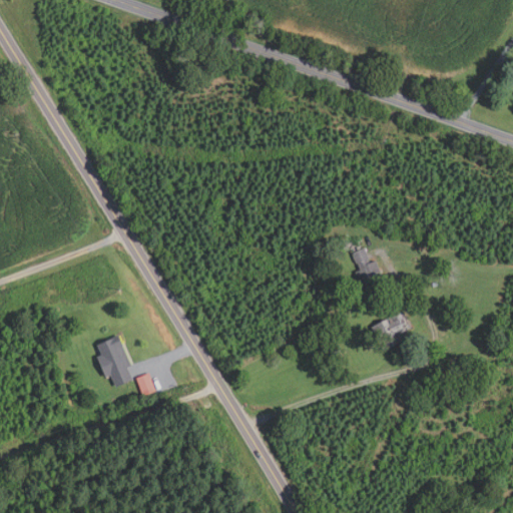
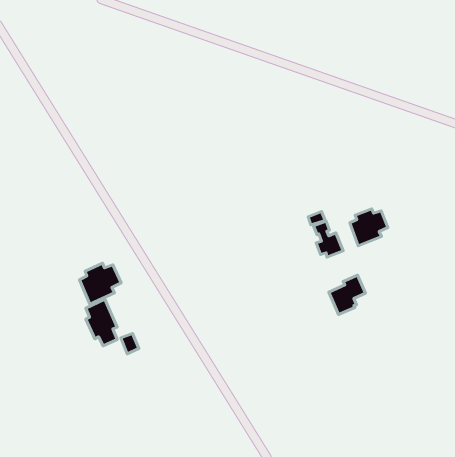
building: none -> [350,209,388,246]
building: none -> [79,263,121,304]

